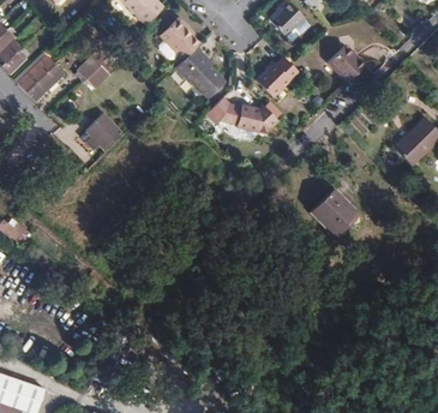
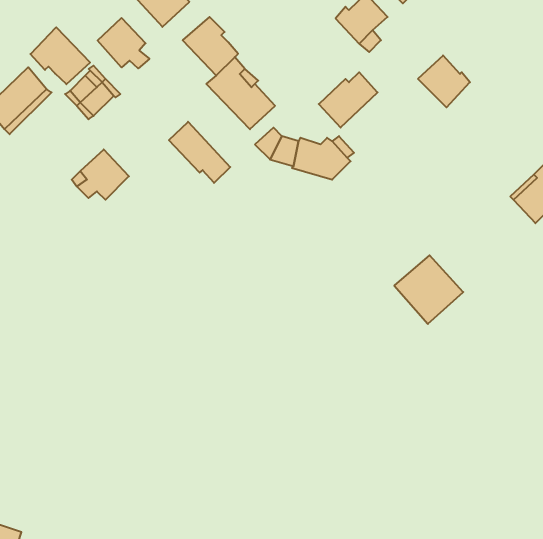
building: none -> [98,18,149,68]
building: none -> [30,27,90,84]
building: none -> [169,122,230,183]

